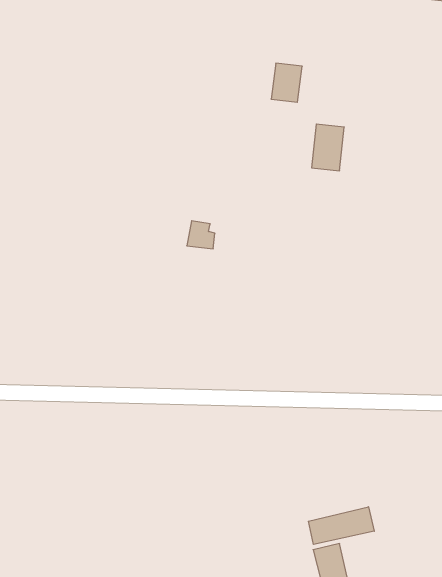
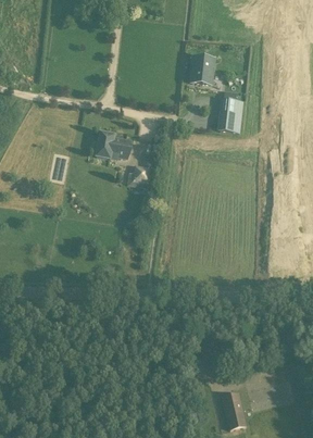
building: none -> [95,129,128,155]
building: [308,507,374,544] -> none

